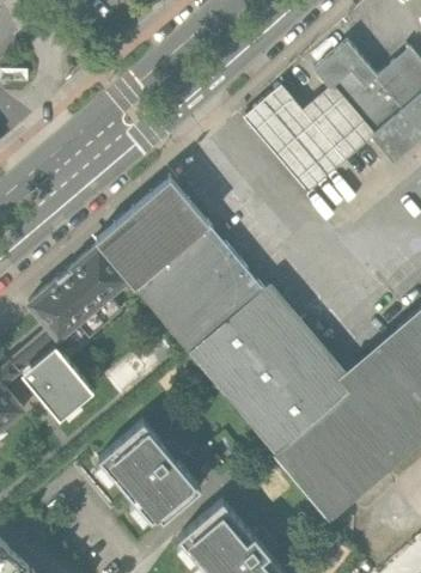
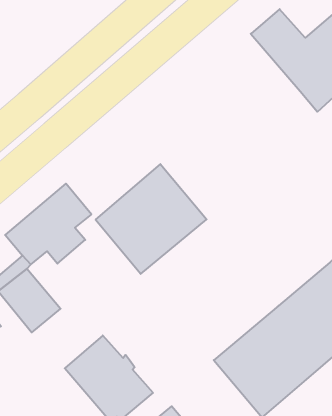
building: [244,86,371,191] -> none
building: [93,176,208,286] -> none
building: [185,286,346,450] -> none

